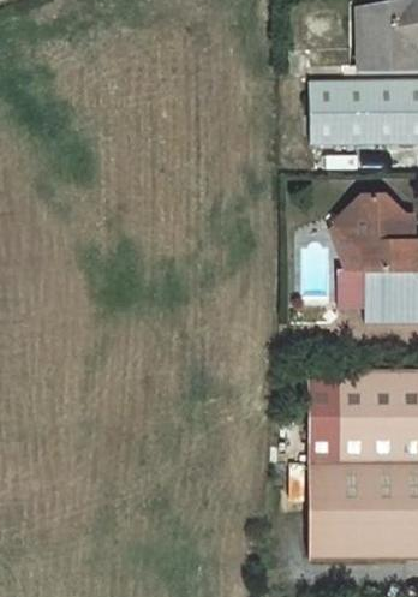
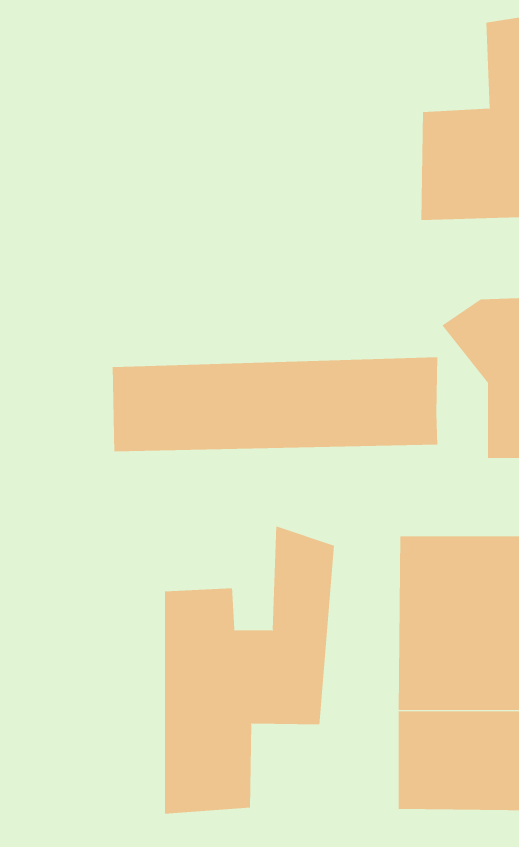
building: none -> [112,357,438,452]
building: none -> [165,526,334,815]

